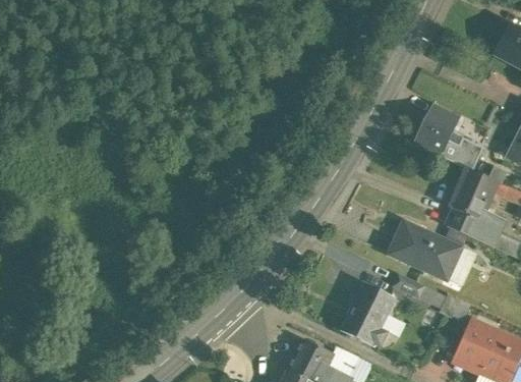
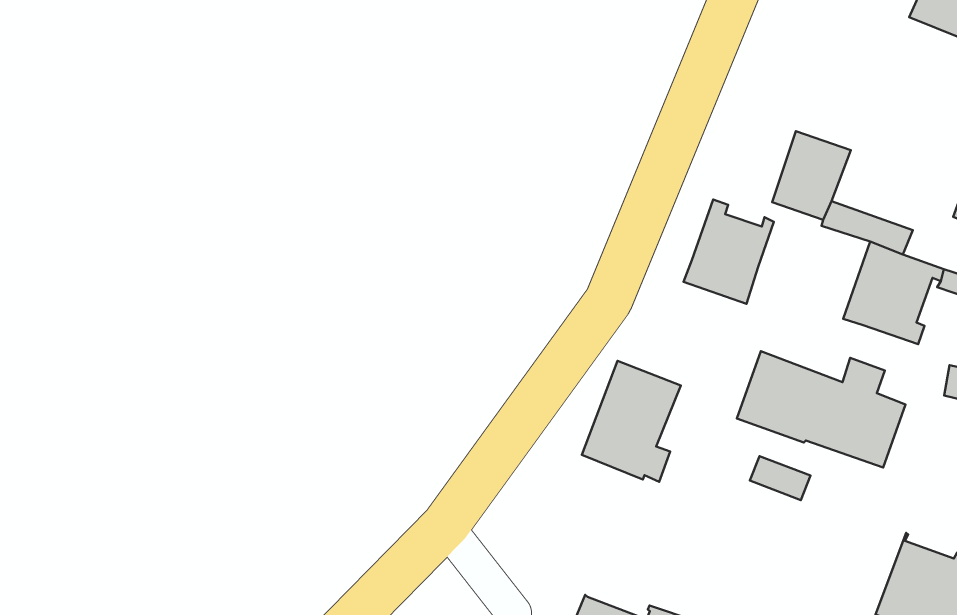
building: none -> [684,200,774,304]
building: [450,210,486,239] -> none
building: [342,281,396,345] -> [582,361,681,482]

